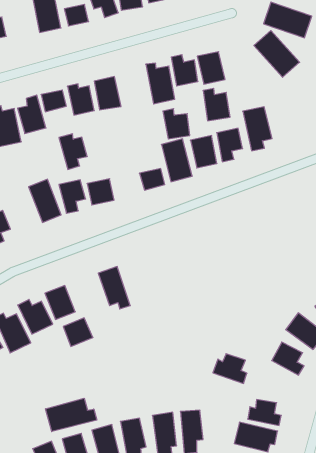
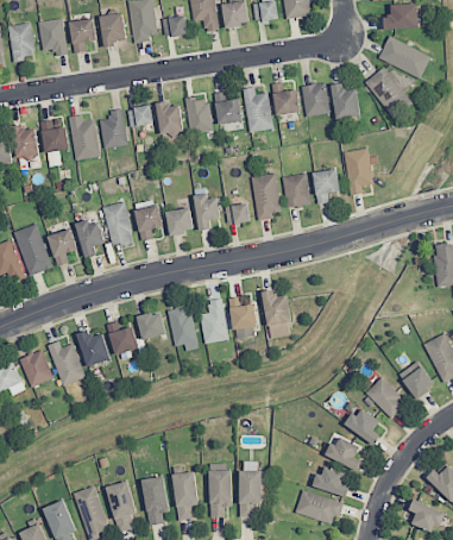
building: none -> [101,13,126,45]
building: [203,88,230,121] -> [333,83,359,118]
building: [163,109,190,139] -> [215,92,241,124]
building: [59,134,87,169] -> [193,193,221,231]
building: none -> [75,219,106,257]
building: none -> [264,289,291,338]
building: none -> [229,295,257,339]
building: none -> [201,299,228,343]
building: [63,318,93,346] -> [137,310,168,340]
building: [213,354,247,383] -> [325,437,361,471]
building: [46,398,97,432] -> none

